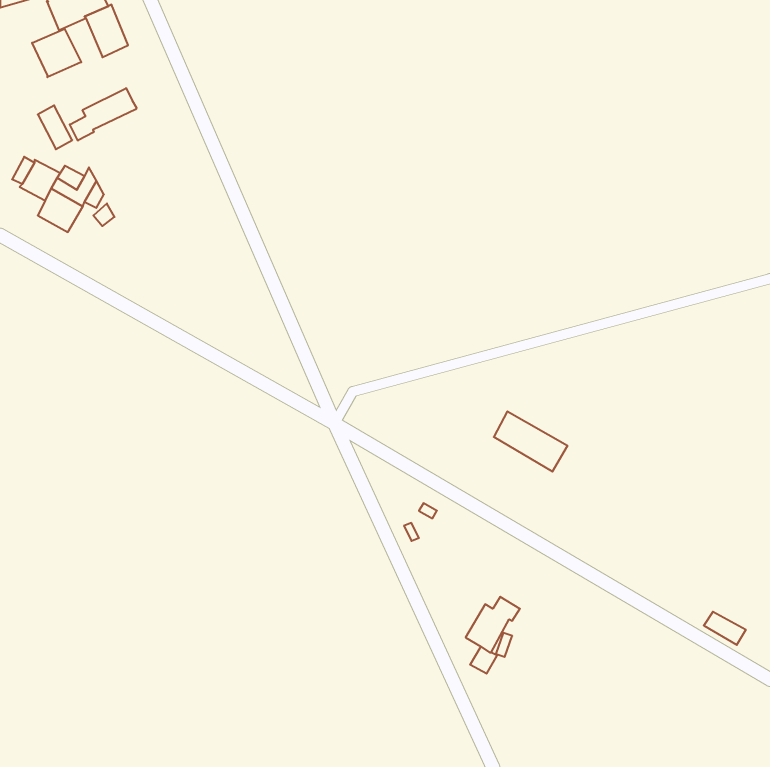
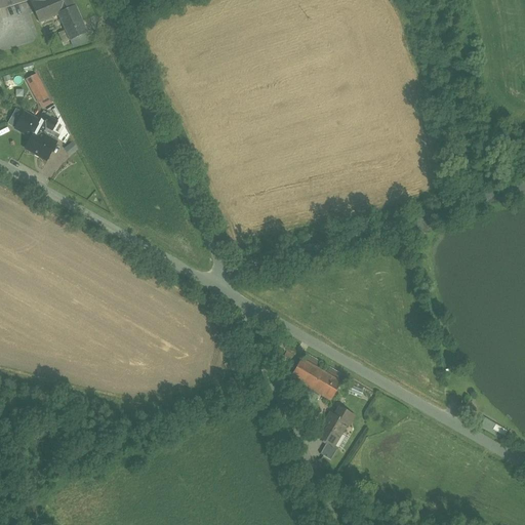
building: [32,29,81,77] -> none
building: [70,88,137,141] -> none
building: [494,411,568,472] -> [291,357,341,398]

